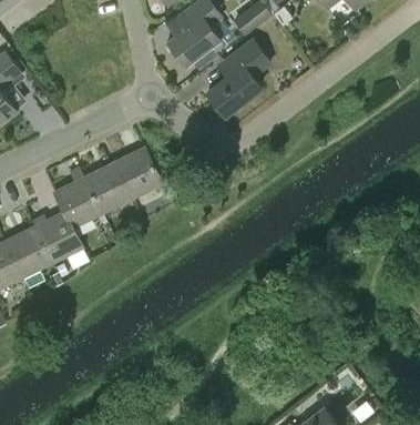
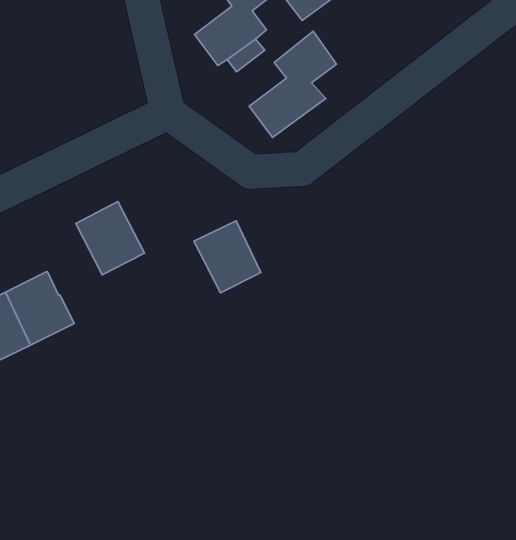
building: [113,148,161,199] -> [194,221,261,293]
building: [53,178,102,229] -> none

